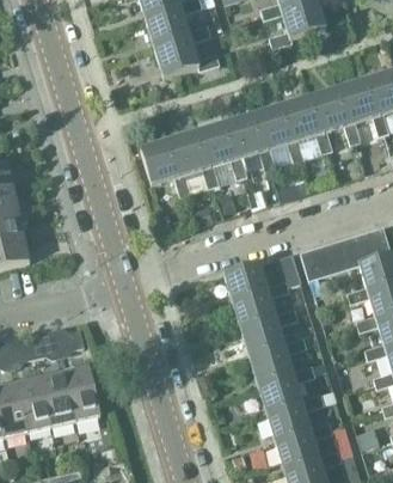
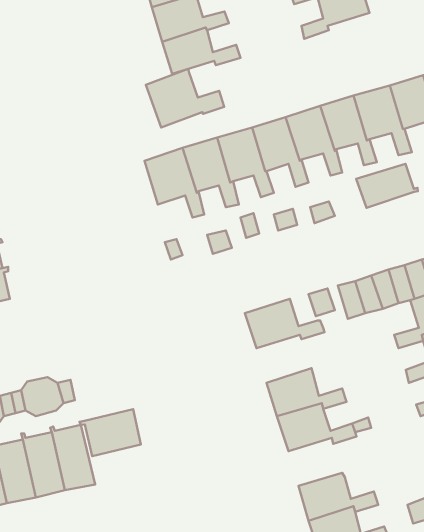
building: none -> [146,69,224,127]
building: none -> [356,164,418,208]
building: [233,292,299,331] -> none
building: none -> [79,409,141,456]
building: [259,377,324,416] -> none

